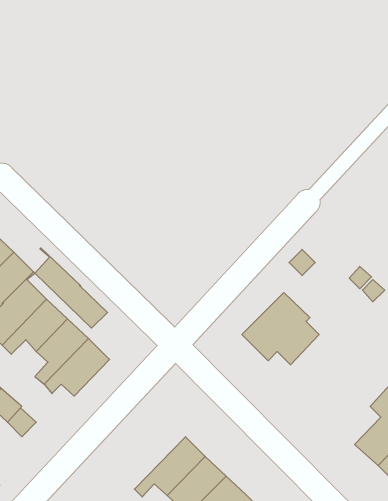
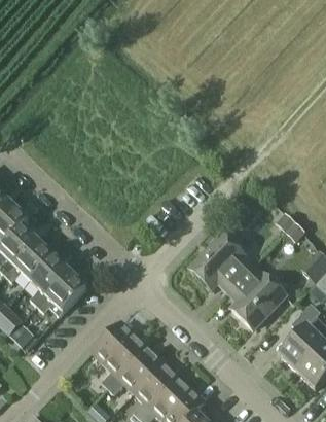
building: [35,248,108,328] -> none
building: none -> [230,266,287,326]
building: none -> [92,320,148,387]

